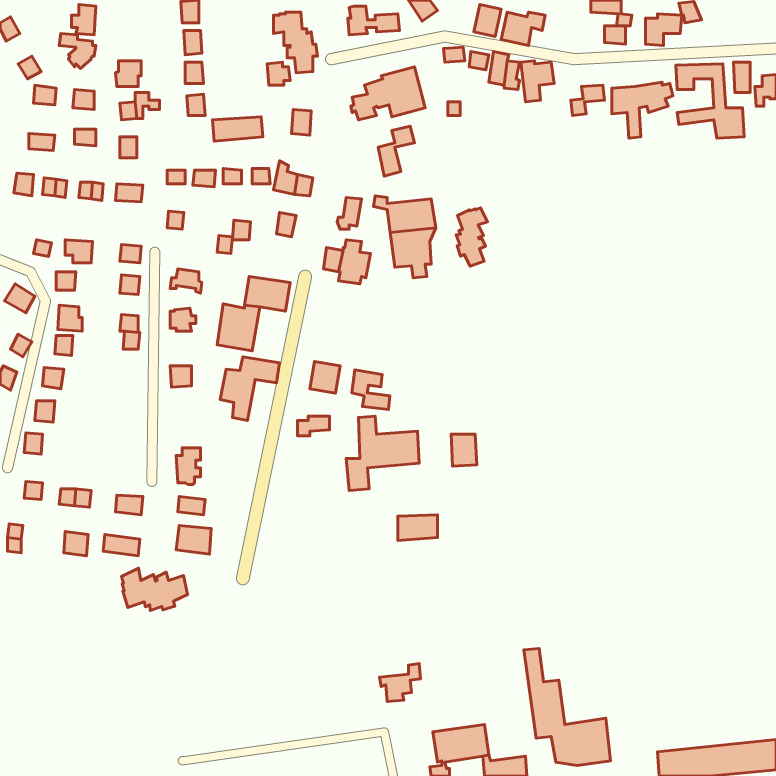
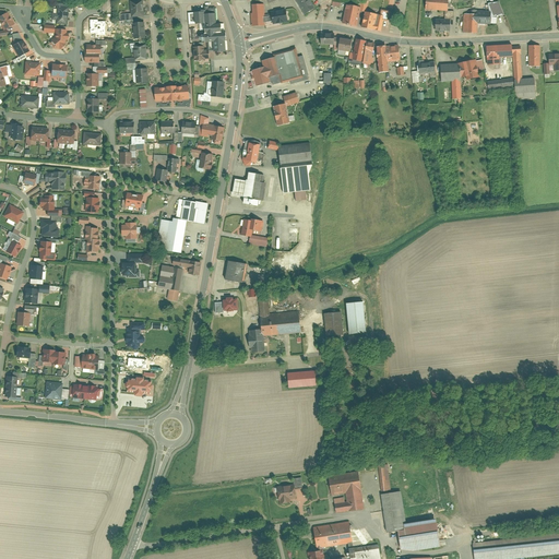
building: [456,208,487,266] -> none
building: [352,370,390,409] -> [240,218,267,247]
building: none -> [346,301,367,335]
building: [121,568,188,610] -> none
building: none -> [328,472,364,513]

